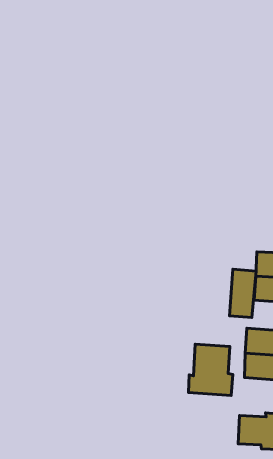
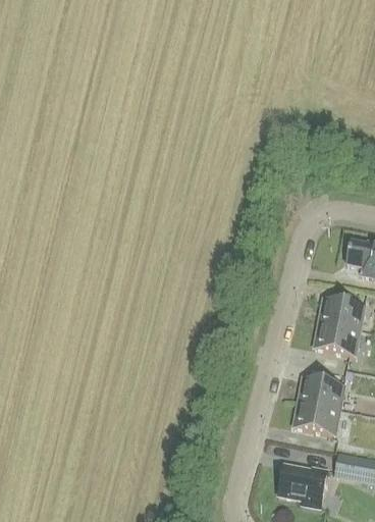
building: [229,269,256,317] -> none
building: [188,344,233,396] -> none

